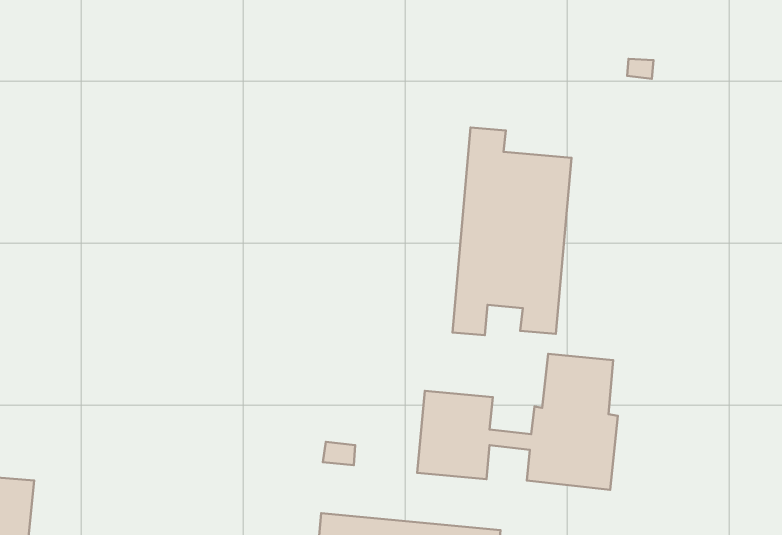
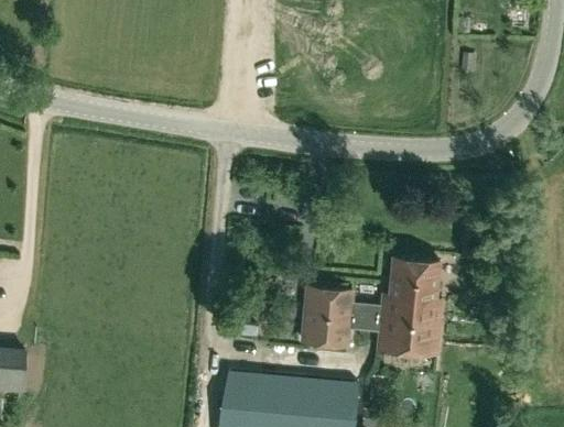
building: [453,127,571,335] -> none

